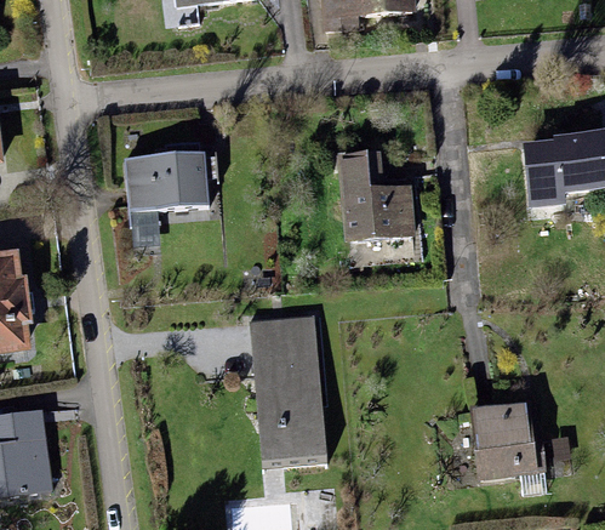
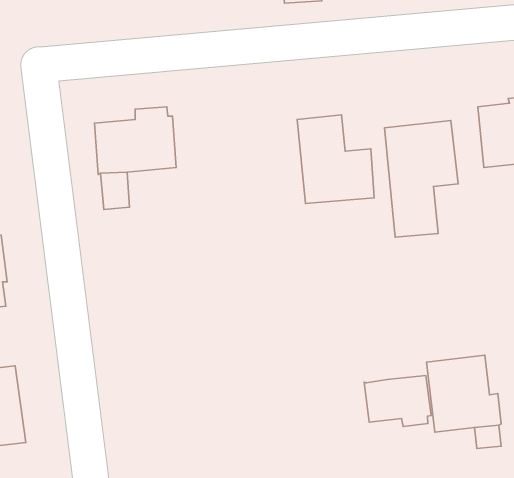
building: none -> [385,120,458,237]
building: [250,315,326,460] -> none
building: none -> [364,376,431,426]

